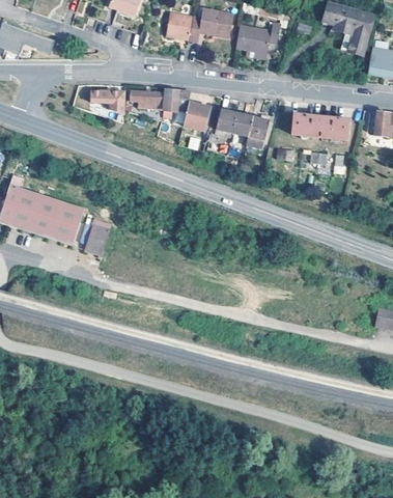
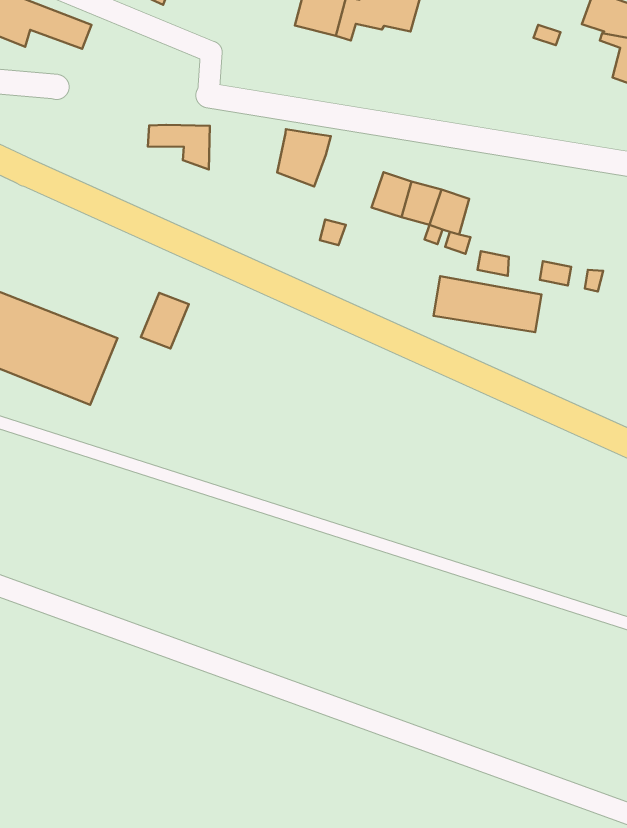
building: [235,20,281,52] -> none
building: [130,89,166,112] -> none
building: [183,101,210,130] -> none
building: [291,112,349,139] -> [434,276,542,332]
building: [82,225,107,255] -> [141,293,189,349]

